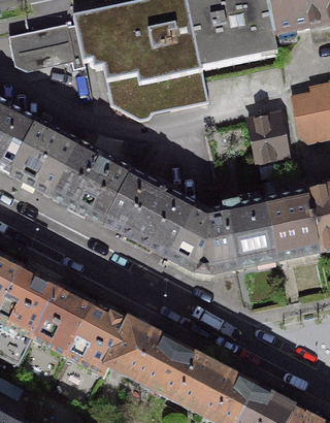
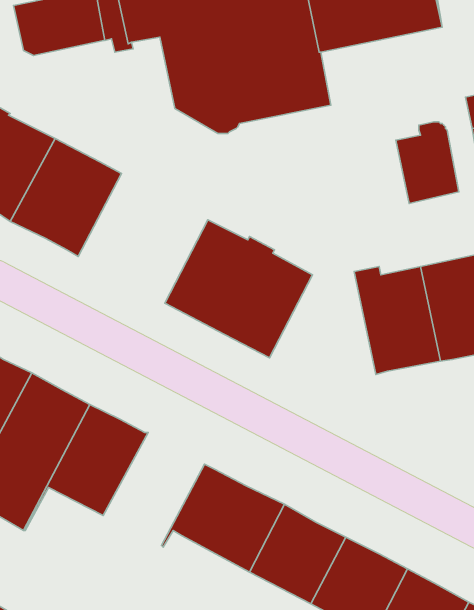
building: [52,142,132,223] -> none
building: [170,205,236,272] -> none
building: [67,303,130,373] -> none

